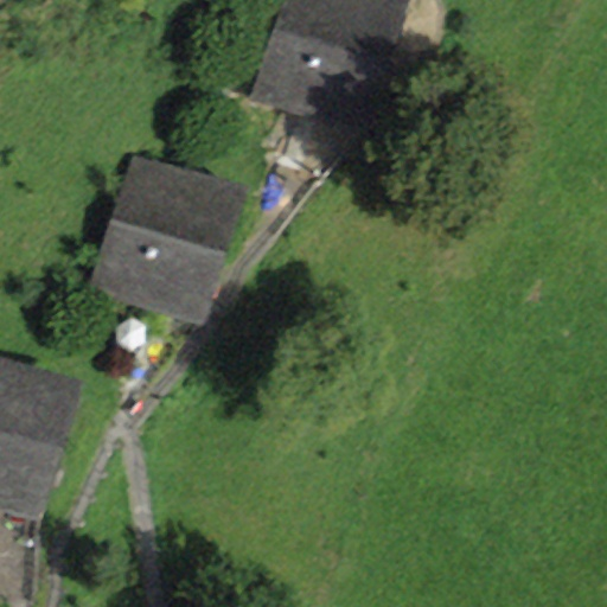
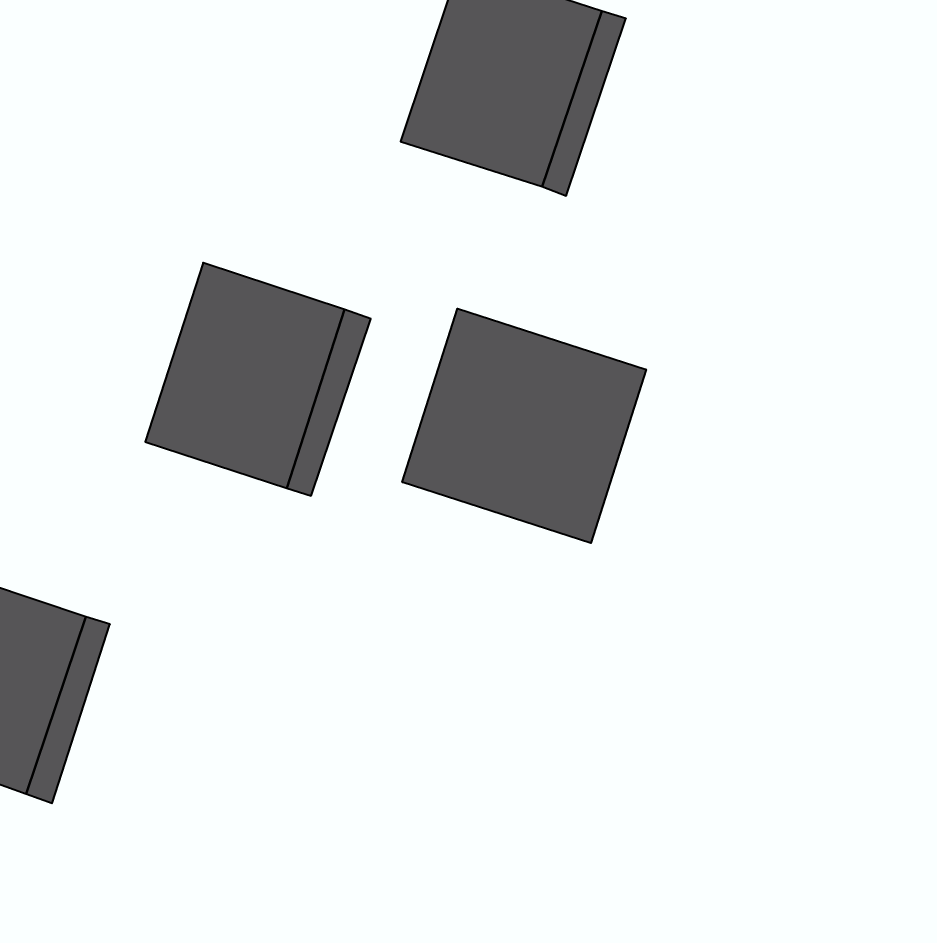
building: none -> [402,309,646,543]

